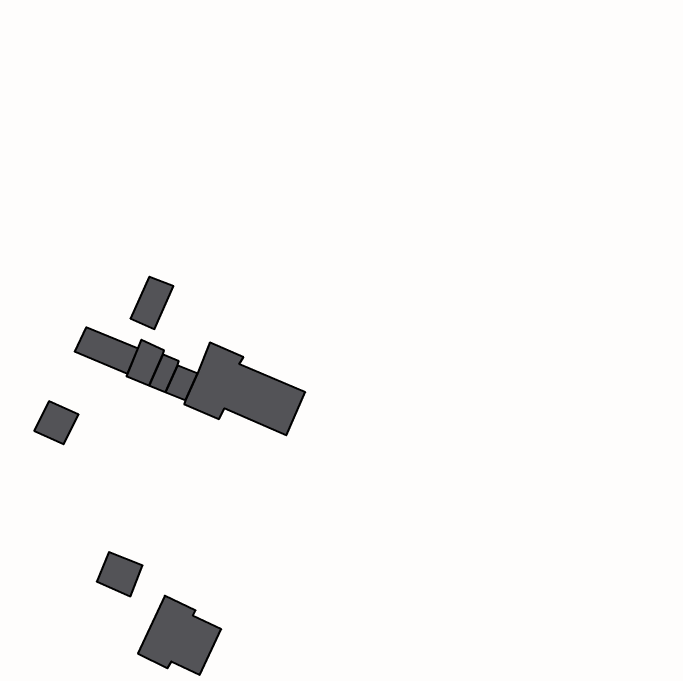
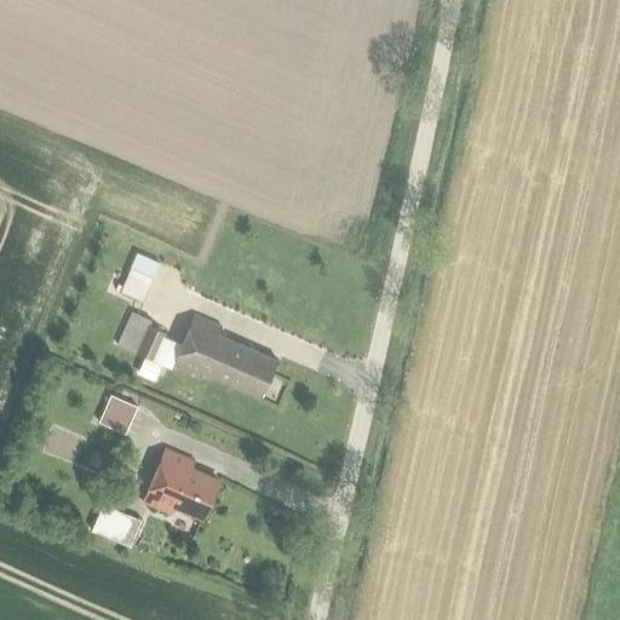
building: [75,327,138,374] -> none
building: [34,401,79,444] -> [98,395,138,434]
building: [138,596,221,675] -> [144,449,219,521]

